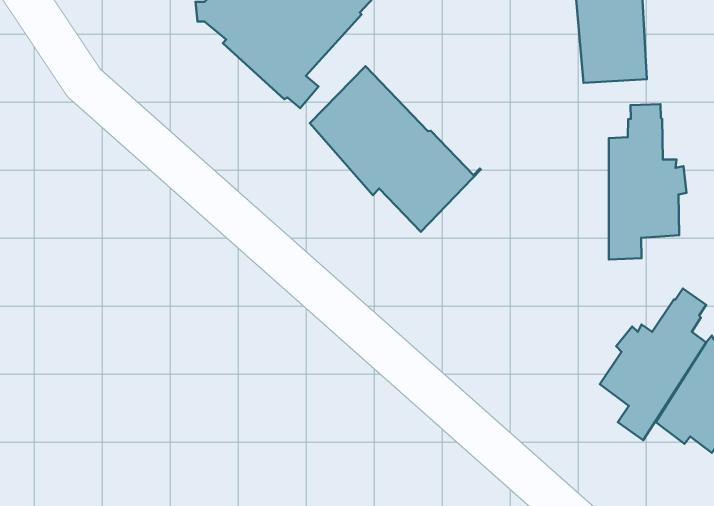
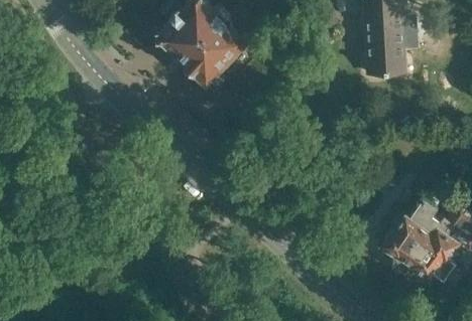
building: [310,66,481,232] -> none
building: [609,104,686,260] -> none

